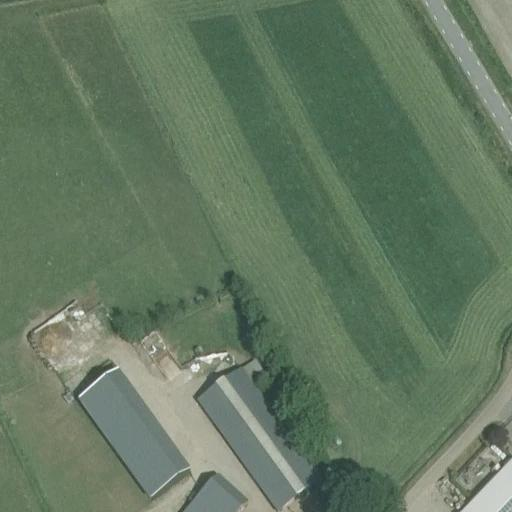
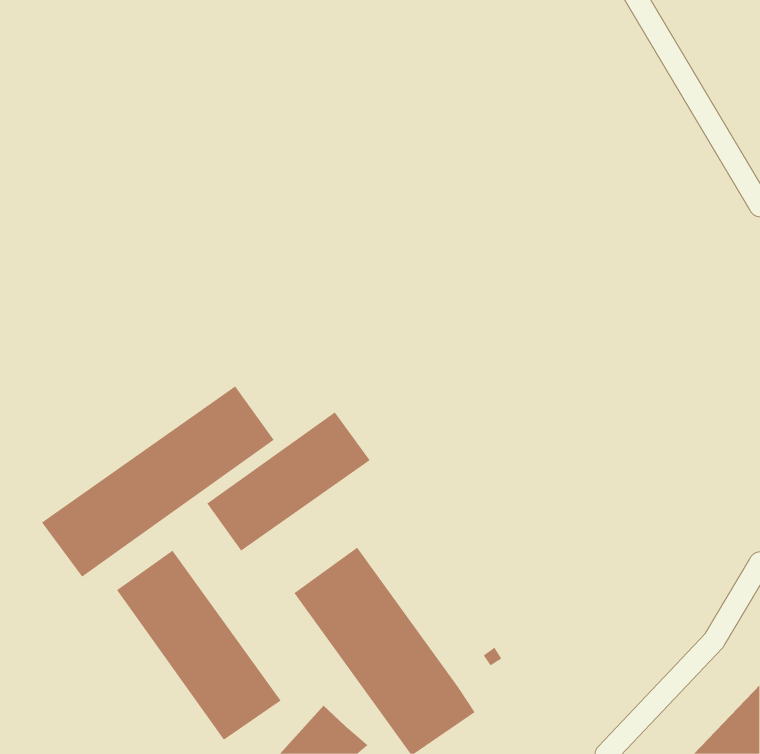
building: none -> [41,385,274,577]
building: none -> [206,412,371,552]

